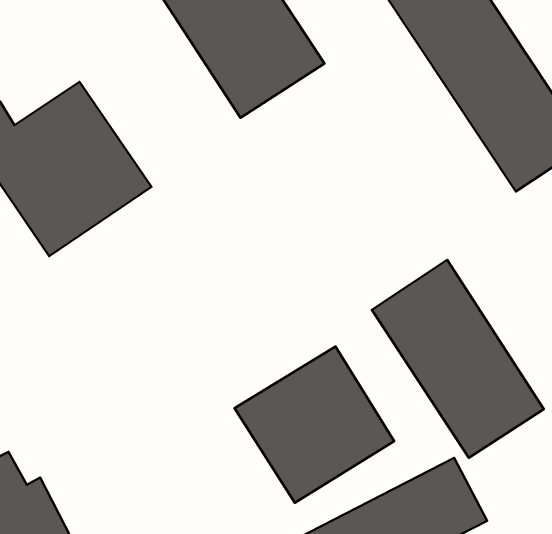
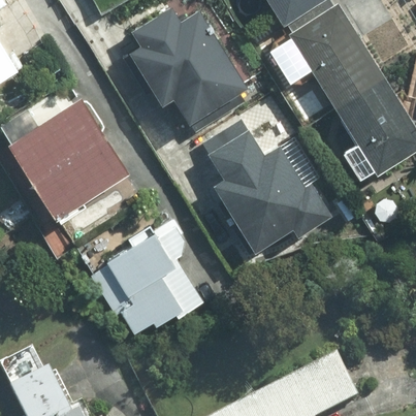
building: none -> [200,119,332,250]
building: [372,260,544,458] -> none
building: [235,346,394,503] -> [93,229,202,337]

